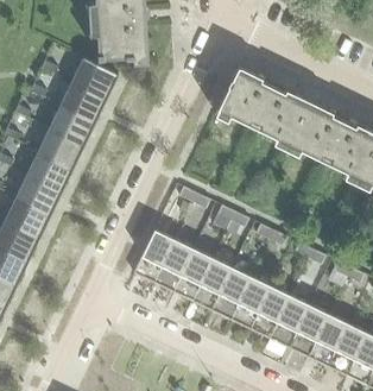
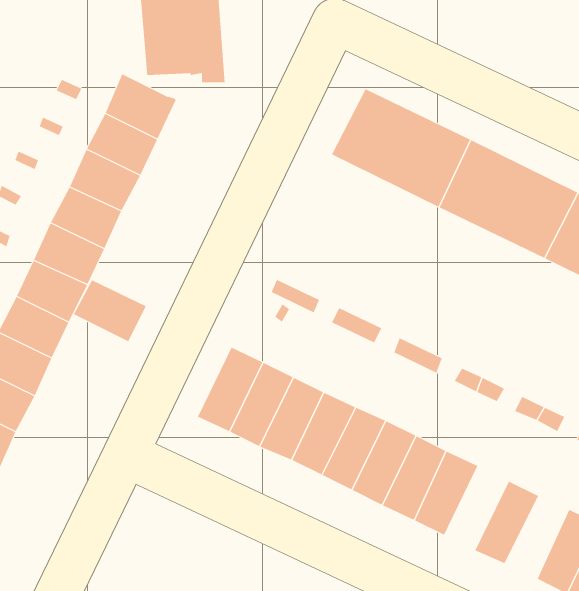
building: none -> [73,280,146,342]
building: [286,304,327,358] -> none
building: [324,323,365,376] -> none

